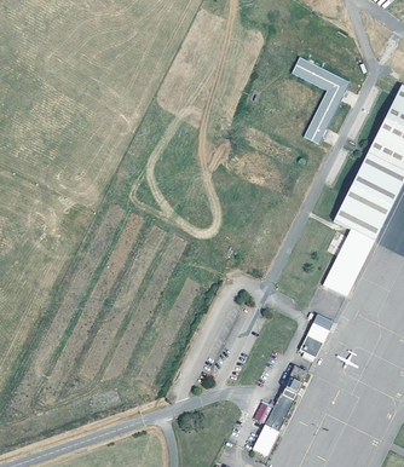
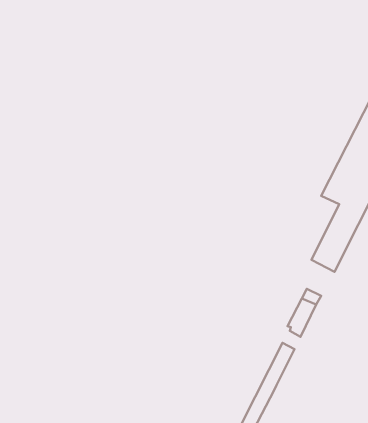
building: [294,57,351,143] -> none

